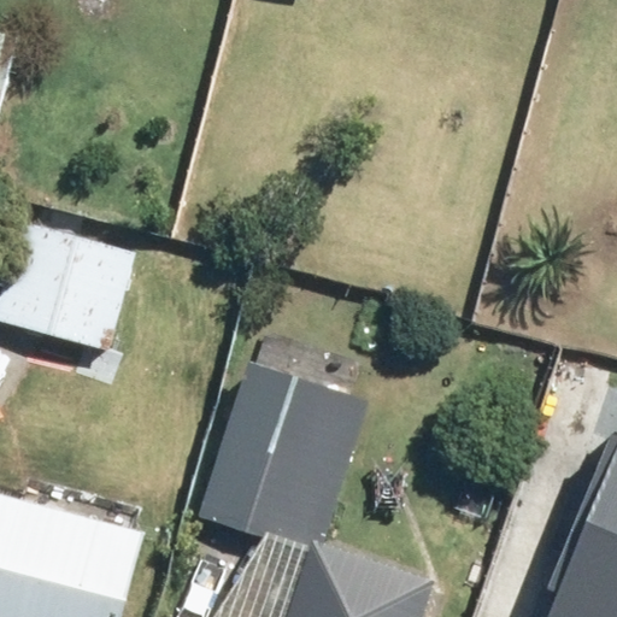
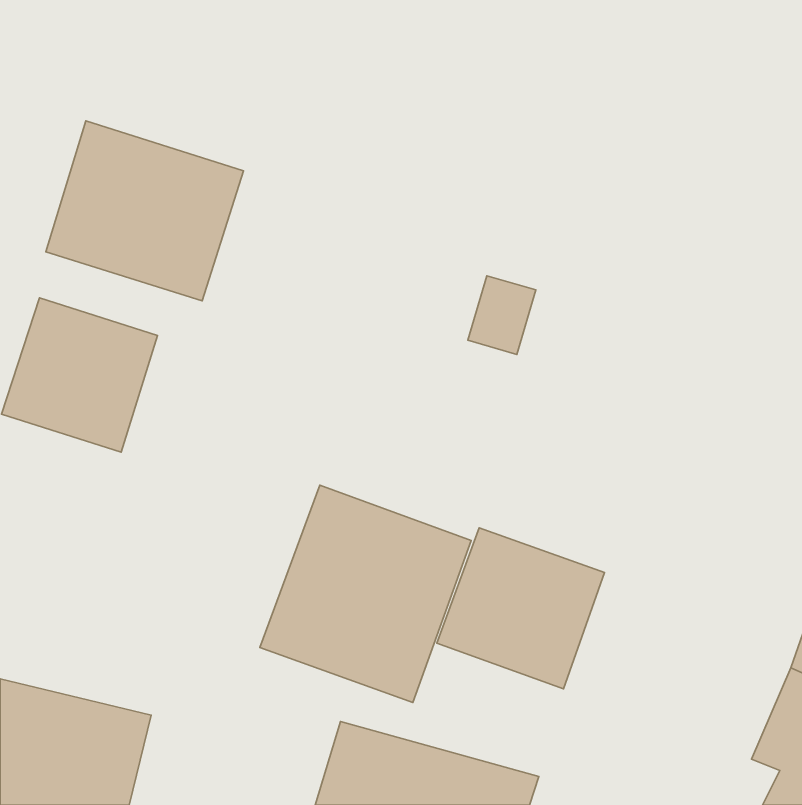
building: none -> [46,121,244,301]
building: none -> [437,528,605,689]

